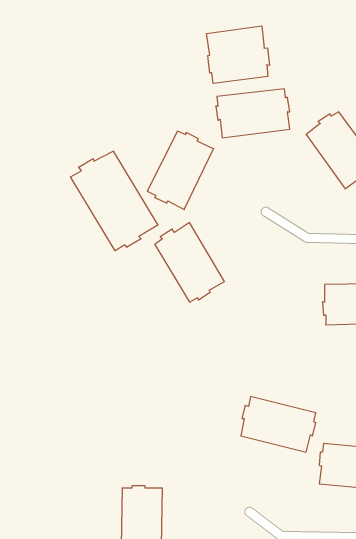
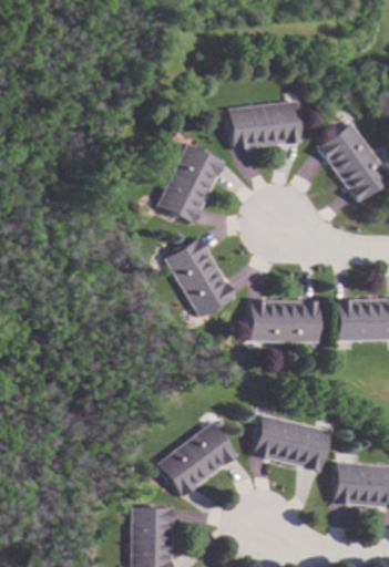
building: [207,26,269,83] -> none
building: [71,151,158,251] -> none
building: none -> [248,300,321,342]
building: none -> [157,422,237,496]

